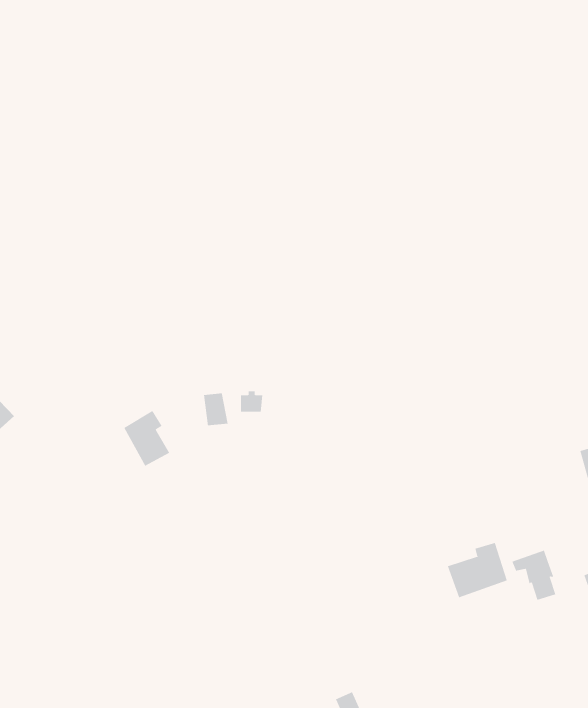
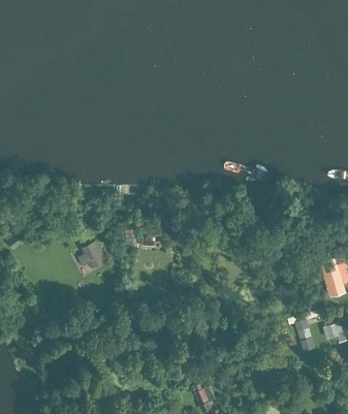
building: [447,542,508,598] -> none

